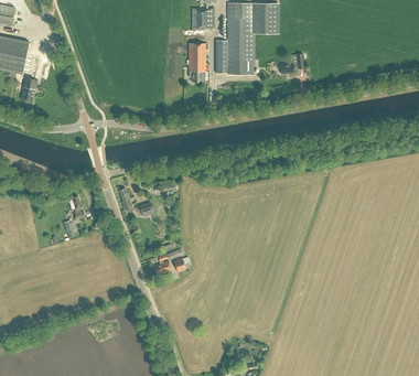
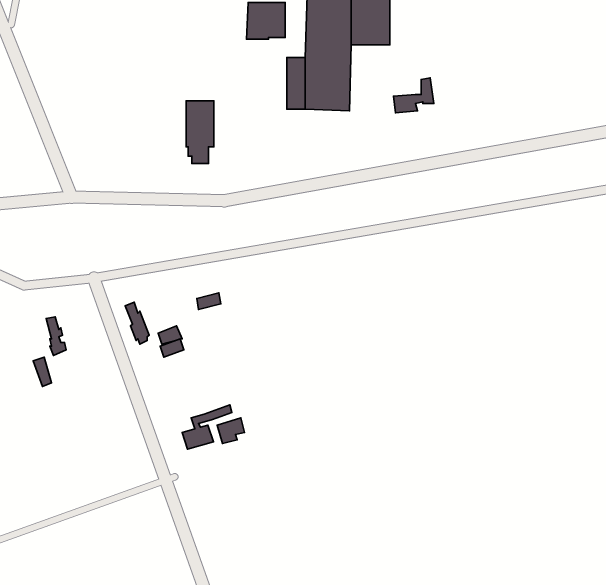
building: [189,44,205,82] -> [186,101,214,163]

